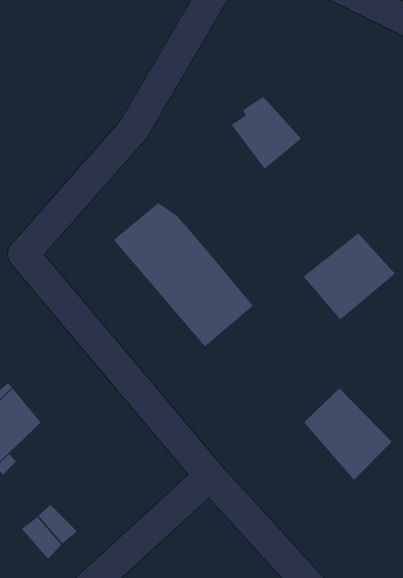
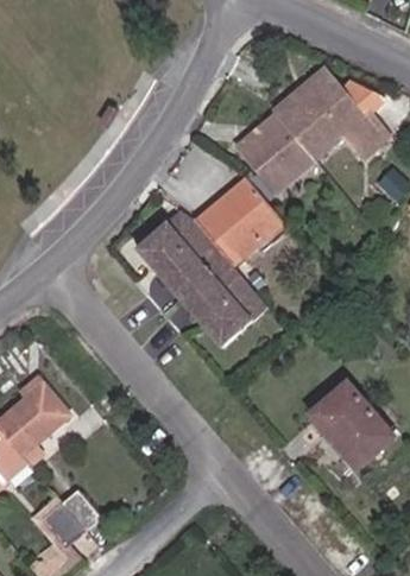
building: none -> [275,68,386,157]
building: [303,232,396,321] -> [194,186,279,267]

